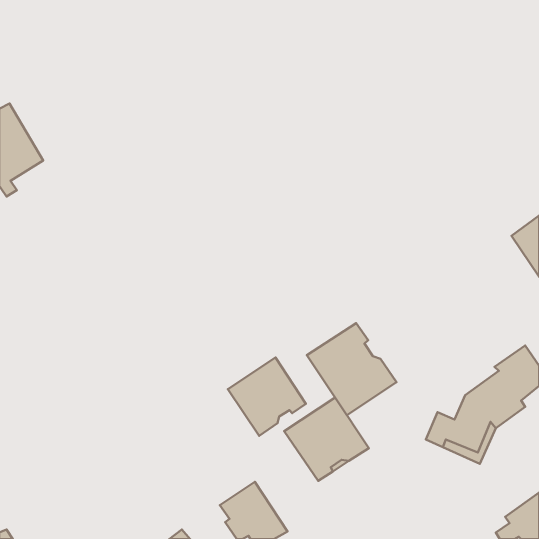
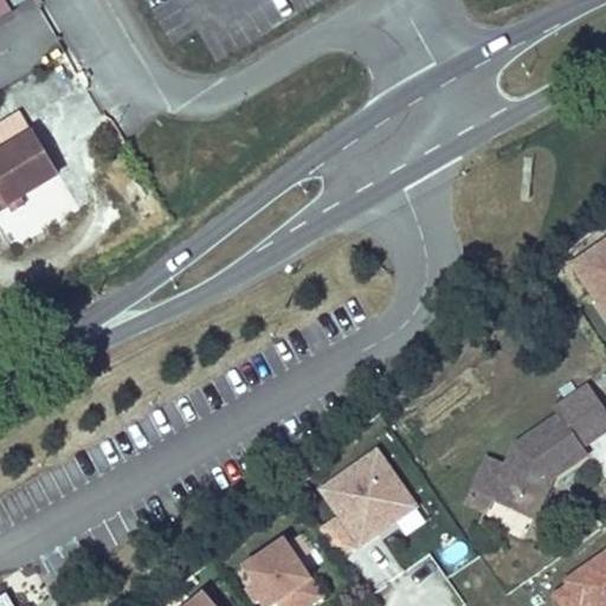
building: [307,323,397,415] -> none
building: [228,357,306,436] -> none

